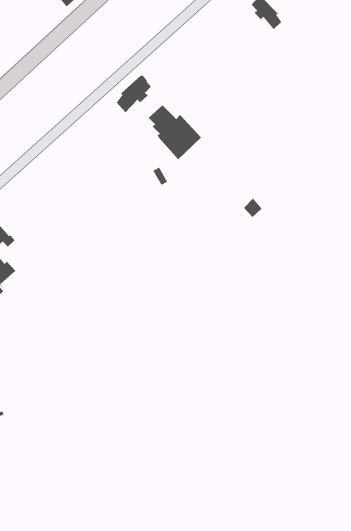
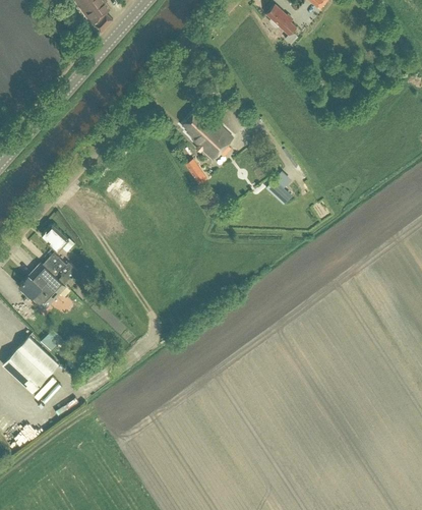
building: [116,75,152,113] -> none

